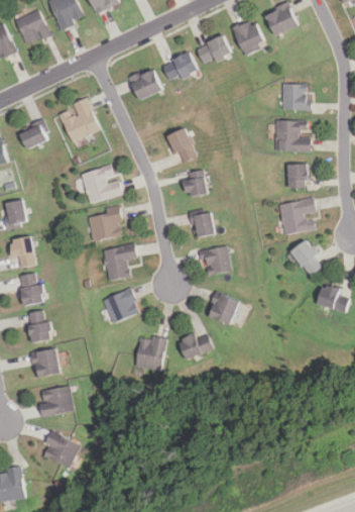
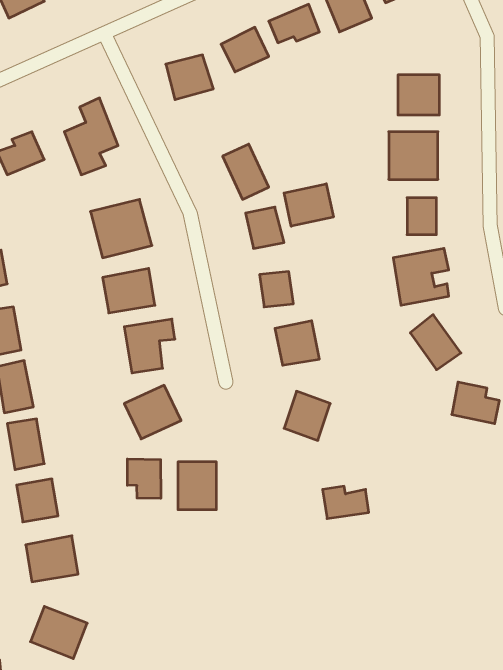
building: none -> [284,184,333,226]
building: [180,334,210,355] -> [323,486,369,519]
building: none -> [127,459,161,498]

